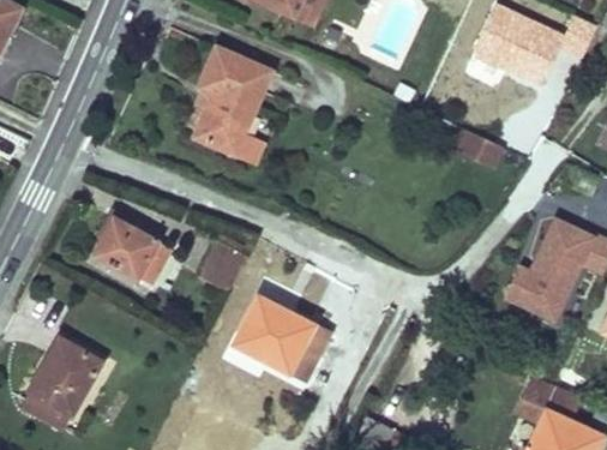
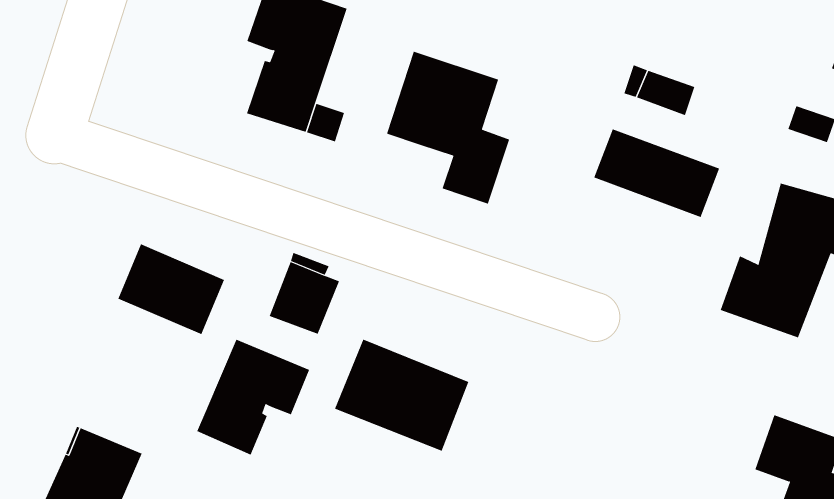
building: none -> [386,51,510,204]
building: none -> [594,129,720,218]
building: none -> [197,339,310,456]

